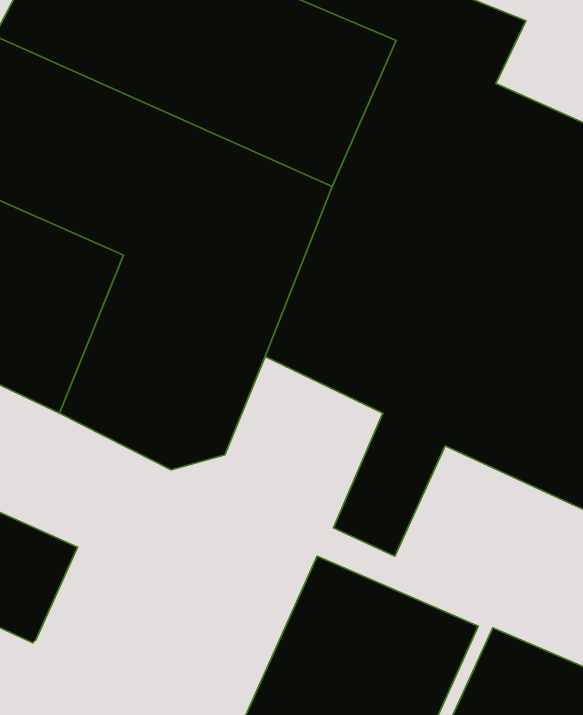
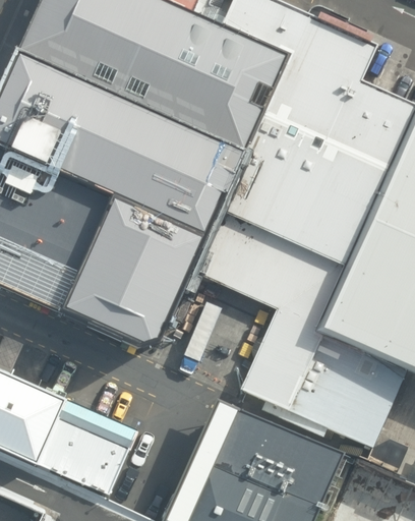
building: none -> [285,331,406,445]
building: none -> [40,400,138,496]

